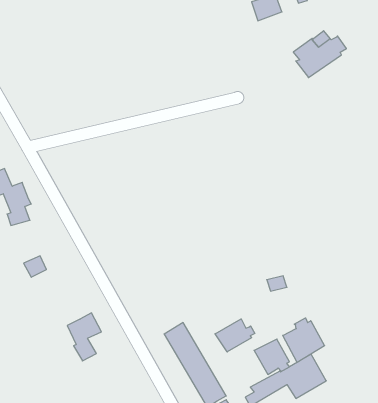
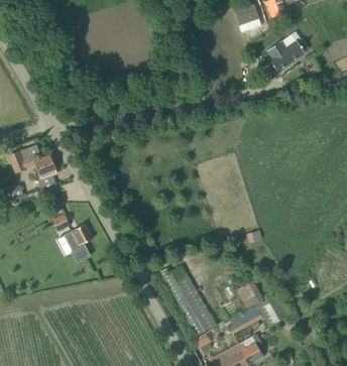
building: [67,313,101,361] -> [66,224,93,262]
building: [283,318,325,362] -> none
building: [215,319,255,352] -> none

